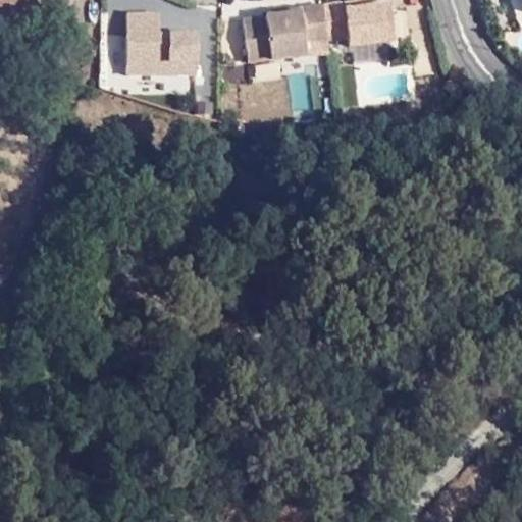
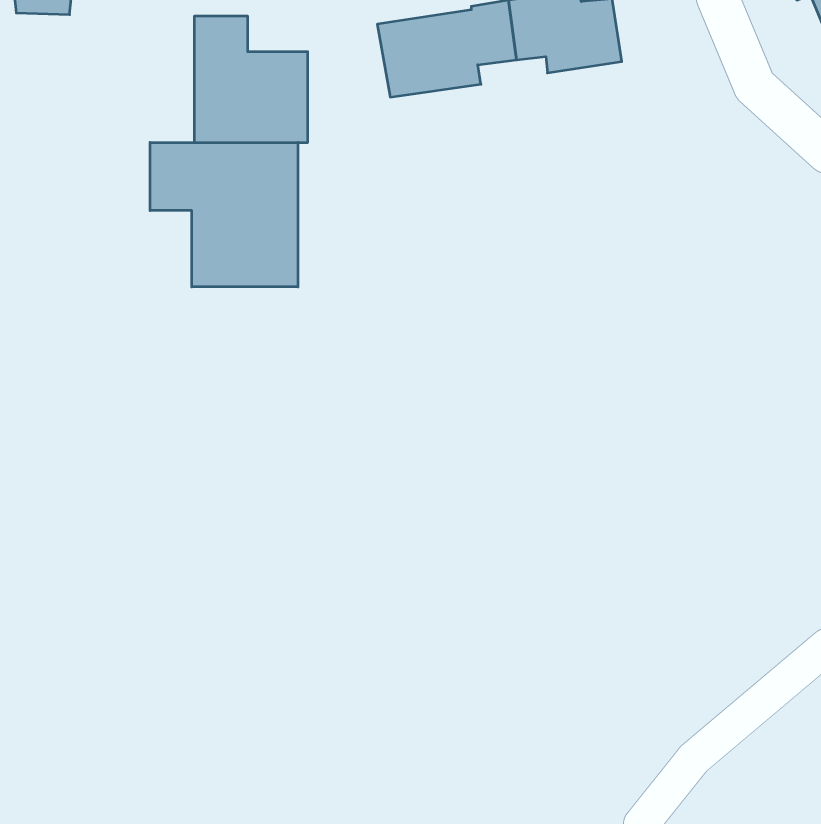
building: none -> [150,142,298,287]

